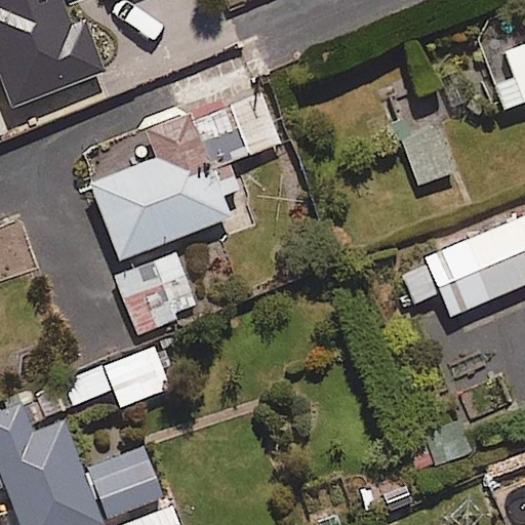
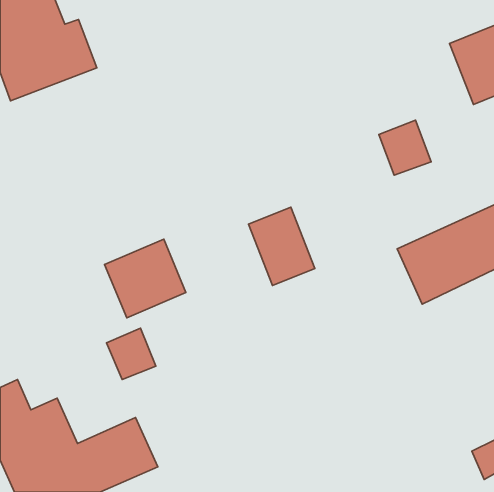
building: [89,76,279,260] -> none
building: none -> [248,207,315,286]

